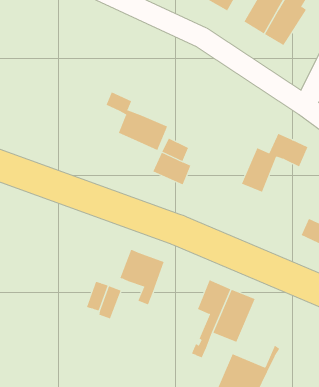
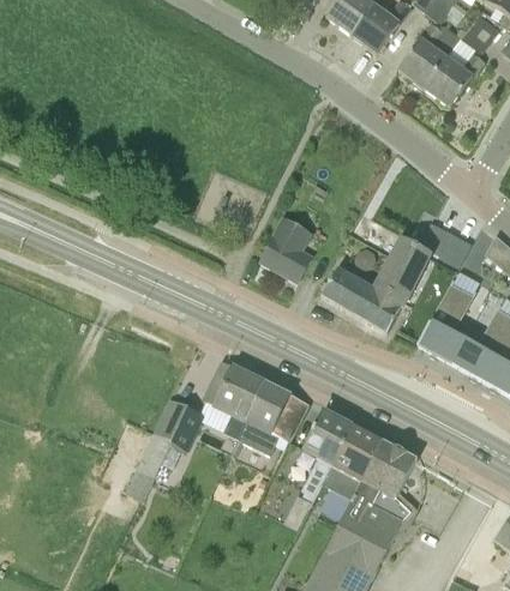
building: [106,91,168,151] -> none
building: none -> [418,270,476,361]
building: none -> [322,265,404,331]
building: none -> [232,381,310,456]
building: none -> [346,441,416,533]
building: none -> [127,433,172,499]

